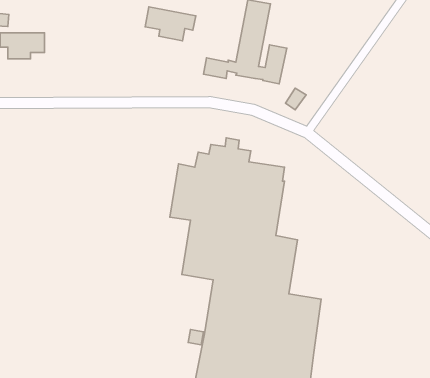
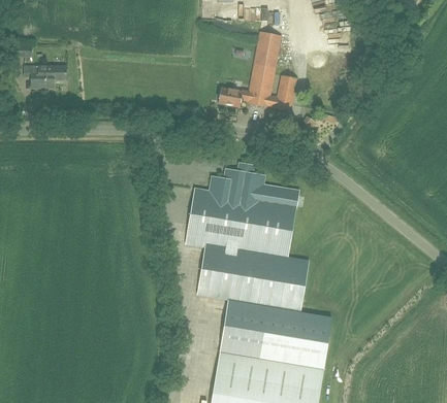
building: [145,7,196,41] -> none

